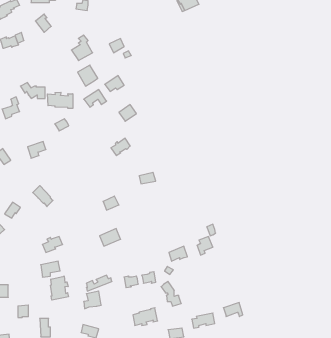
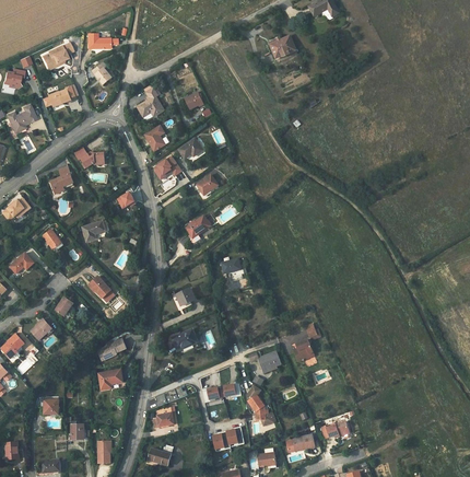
building: [48,92,73,108] -> none
building: [50,276,68,300] -> none

